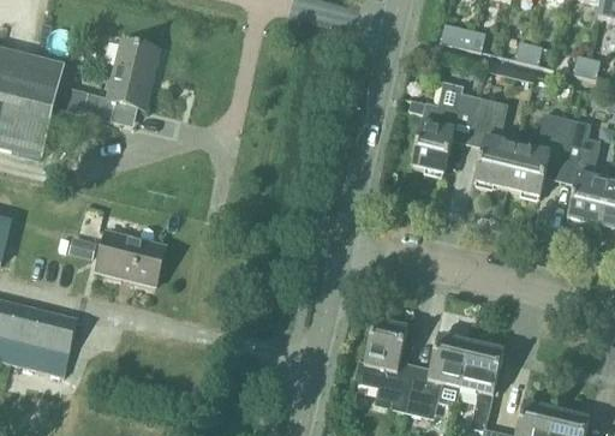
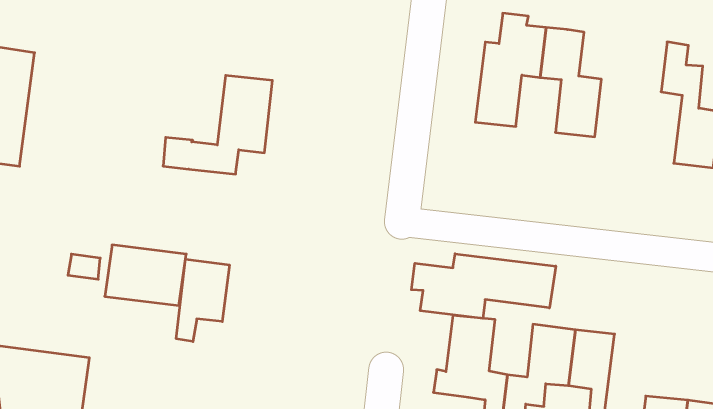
building: [62,42,159,123] -> [163,75,272,174]
building: [506,112,573,197] -> none
building: none -> [176,259,229,342]
building: none -> [411,254,556,318]

